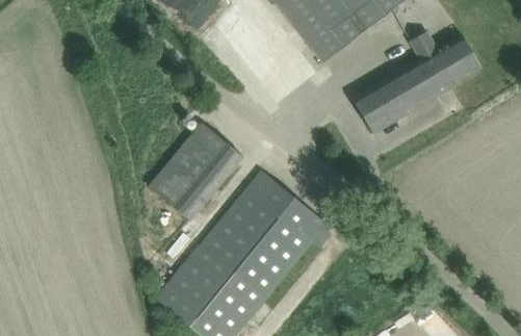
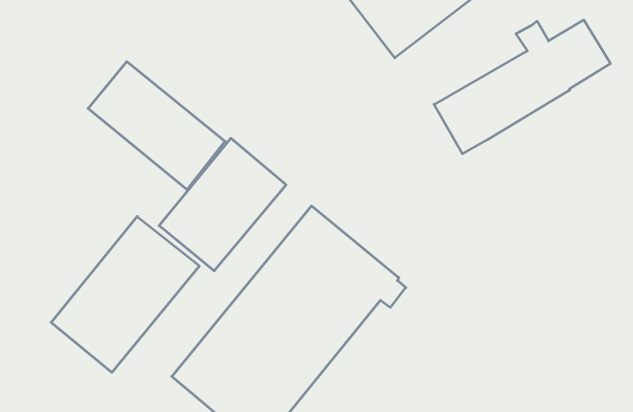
building: none -> [88,62,225,189]
building: none -> [51,216,199,372]

